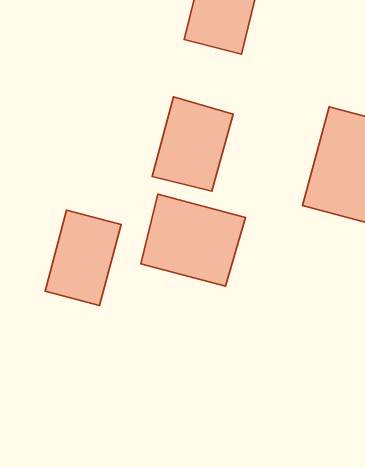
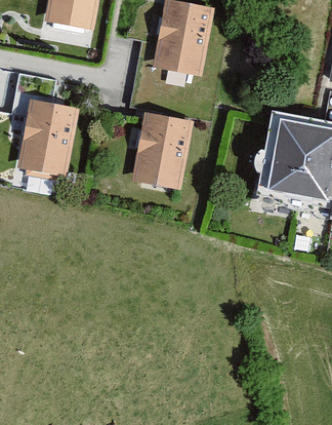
building: [141,194,245,286] -> none
building: [45,210,121,306] -> [20,100,77,173]

